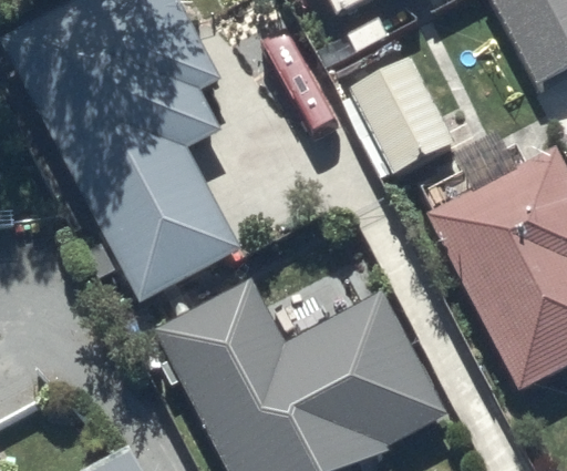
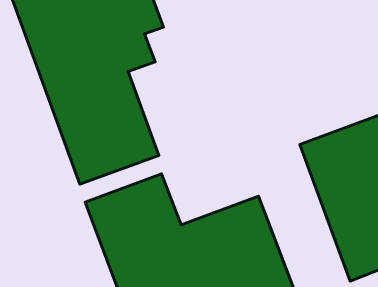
building: [349,57,453,173] -> none

